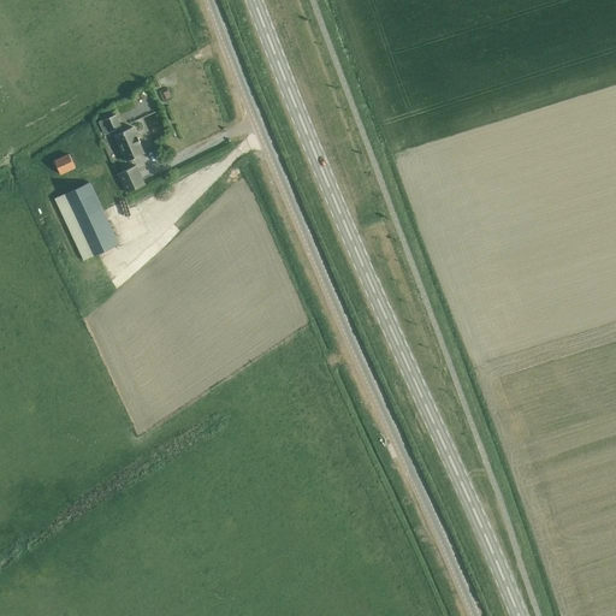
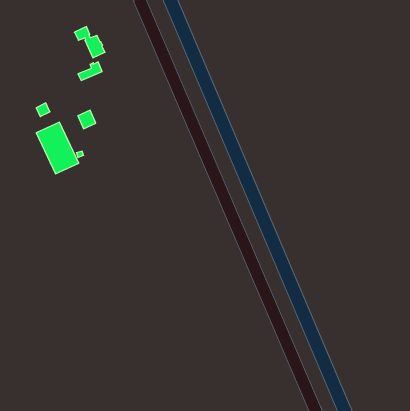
building: [97,114,143,161] -> [74,27,105,58]

